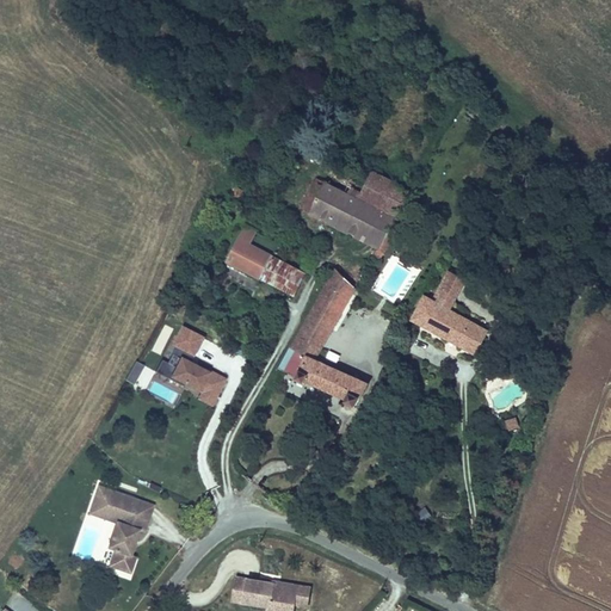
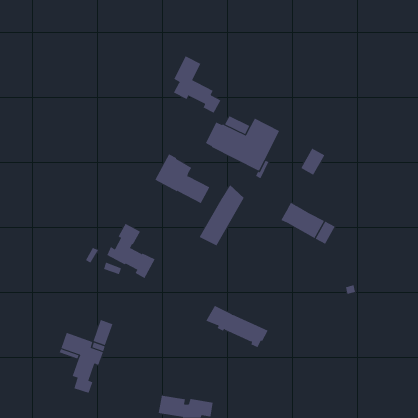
building: none -> [173,55,221,113]
building: [432,270,468,310] -> [301,148,325,176]
building: [277,346,369,408] -> [205,305,268,348]
building: none -> [93,319,113,346]

